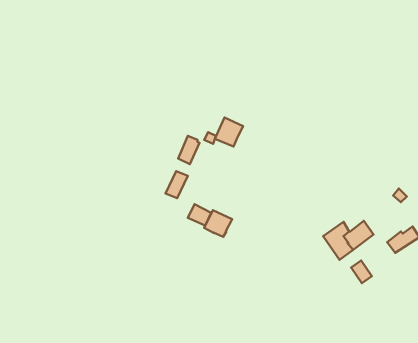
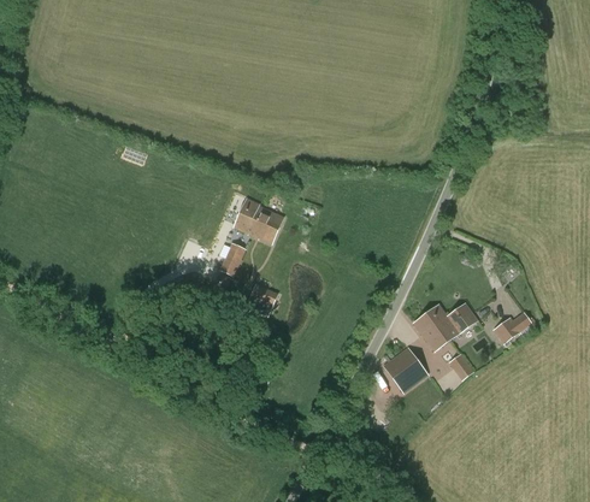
building: [215,117,243,147] -> [248,207,283,243]
building: [204,210,232,237] -> none
building: none -> [384,348,427,392]

